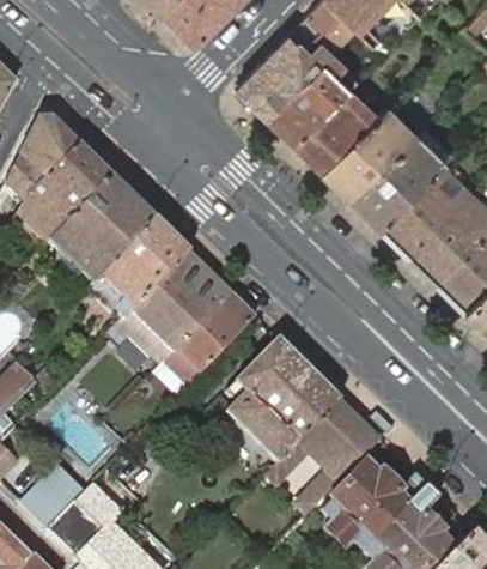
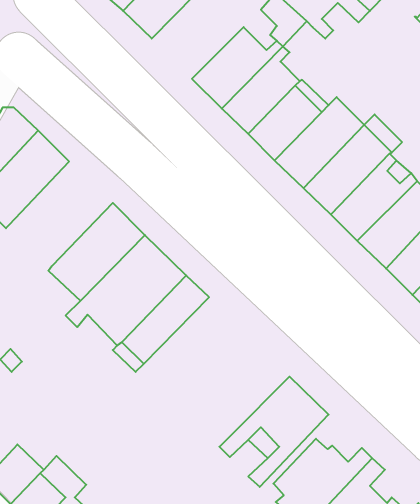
building: [47,171,154,280] -> none
building: [227,337,339,458] -> none

